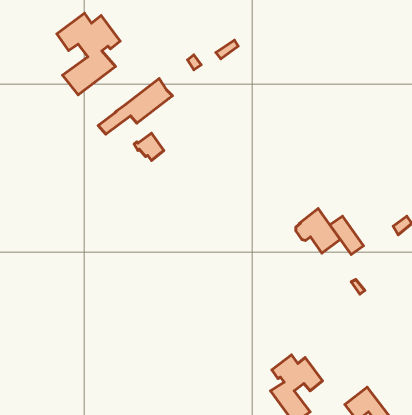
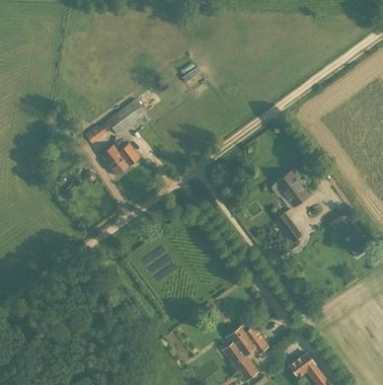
building: [57,13,120,95] -> none
building: none -> [101,145,130,175]
building: [296,208,340,253] -> [273,170,309,207]

